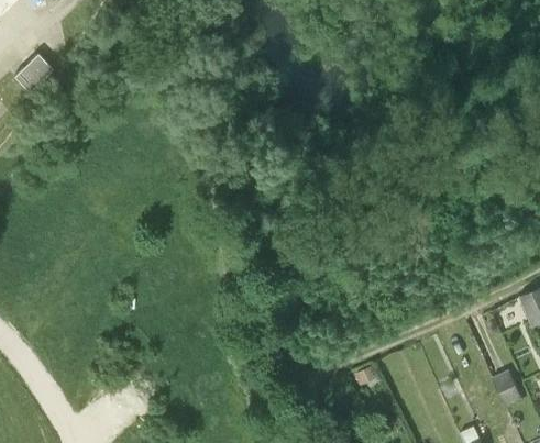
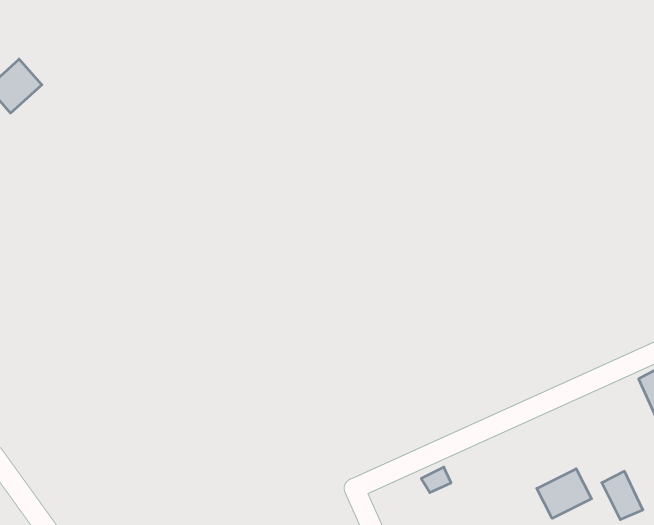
building: none -> [537,469,592,518]

